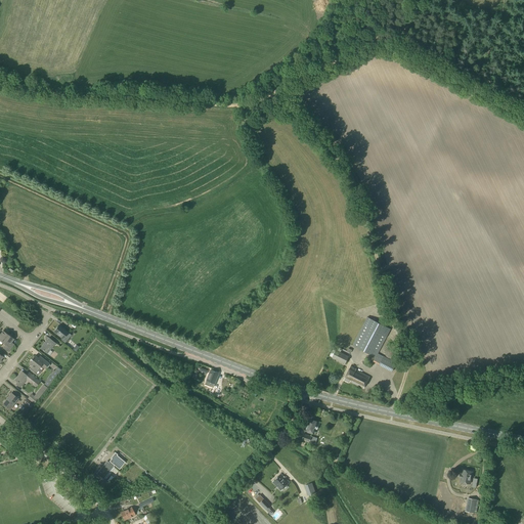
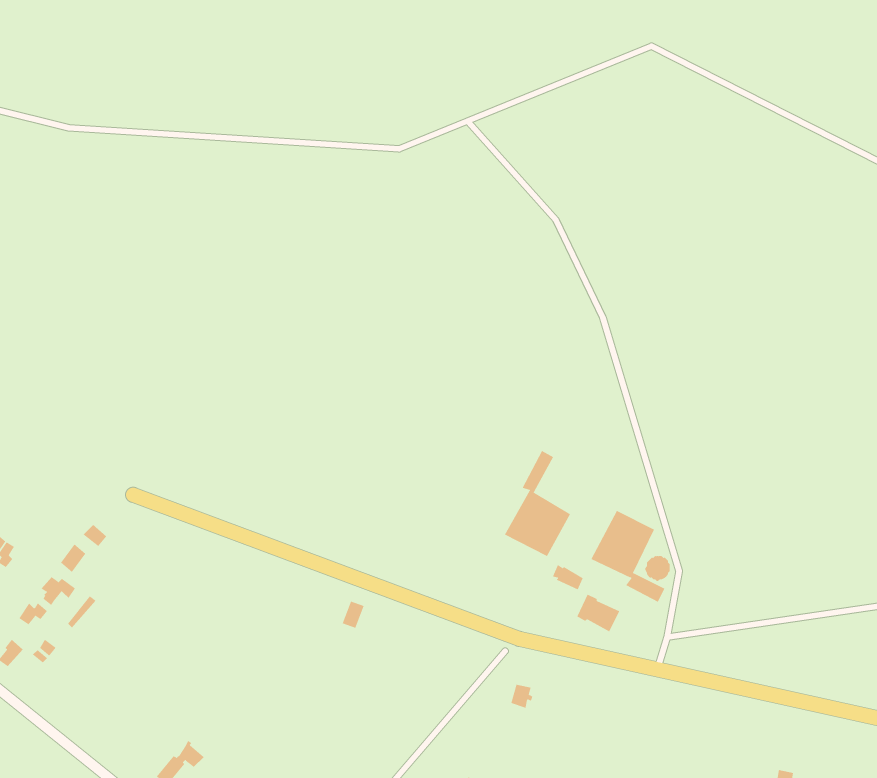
building: none -> [504,450,571,557]

